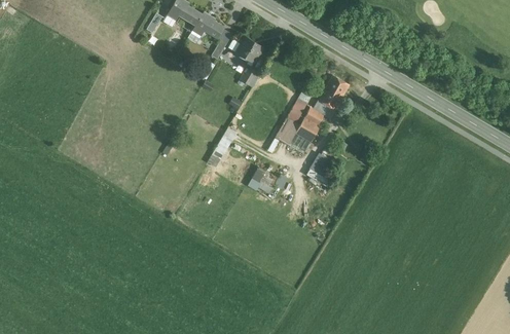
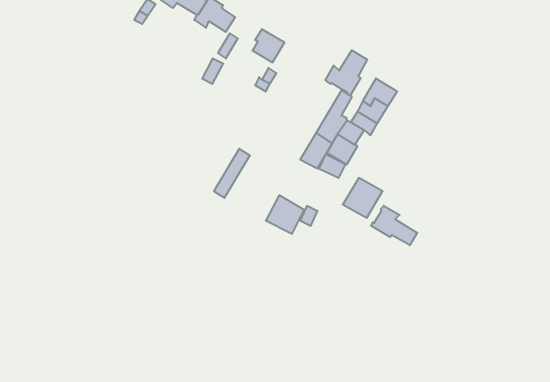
building: none -> [325,50,367,96]
building: none -> [371,206,417,245]

